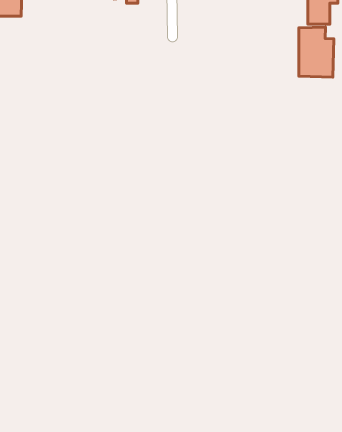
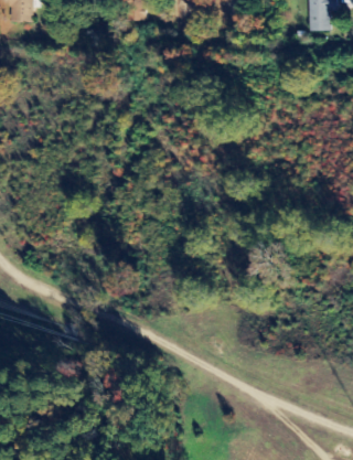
building: [299,27,334,77] -> none

